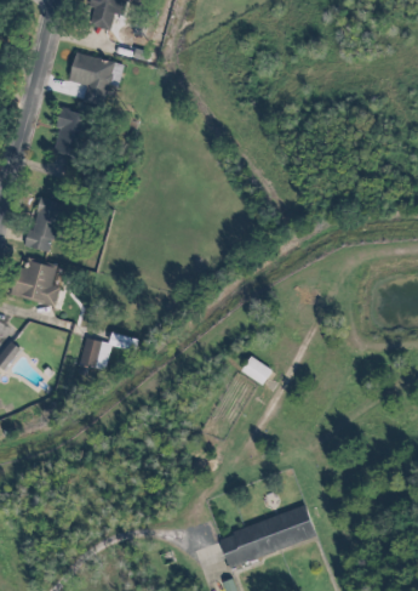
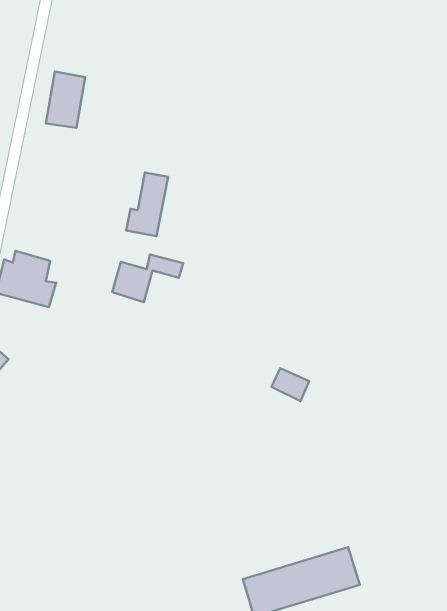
building: [69,53,124,103] -> none
building: [24,198,59,251] -> [126,173,168,236]
building: [79,331,138,371] -> [112,255,183,302]

